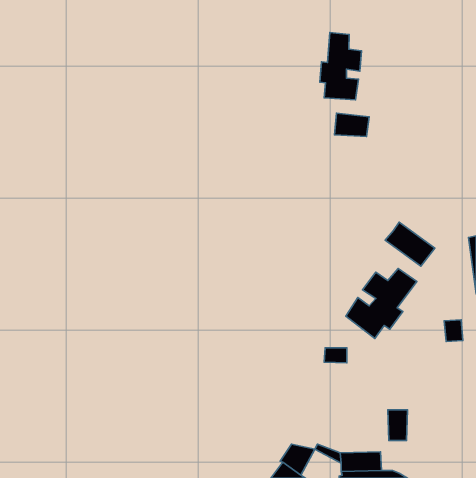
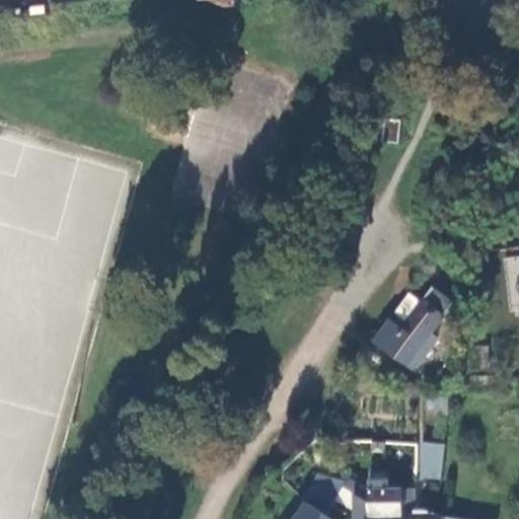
building: [320,32,361,100] -> none
building: [385,222,435,266] -> none

